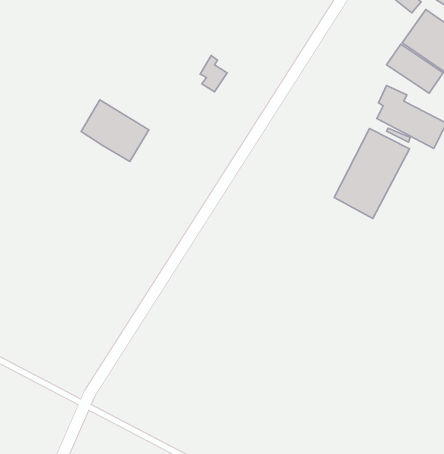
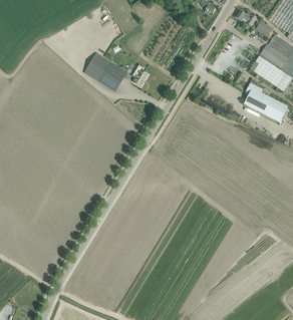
building: [81,100,149,162] -> [84,52,127,91]
building: [334,129,410,218] -> none

